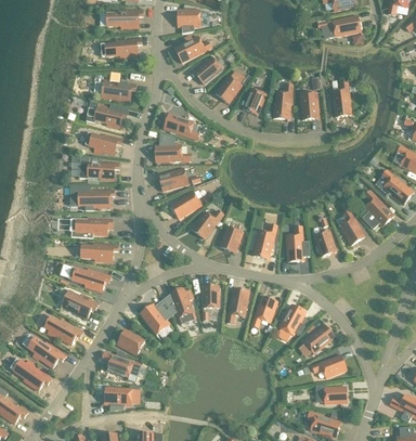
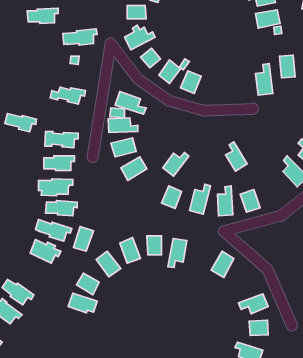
building: [106,10,143,28] -> [27,8,58,24]
building: [102,80,136,101] -> none
building: [273,83,292,119] -> none
building: [300,92,318,119] -> [280,55,295,78]
building: [84,132,122,154] -> [5,114,37,132]
building: [192,210,223,238] -> [163,152,189,176]
building: [339,210,365,245] -> [226,142,247,171]
building: none -> [73,226,94,251]
building: [251,296,277,327] -> none
building: [44,315,83,345] -> none
building: [303,324,335,353] -> none
building: [105,387,132,411] -> none

